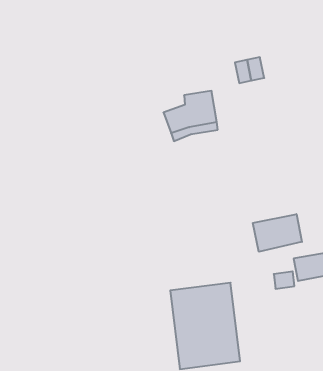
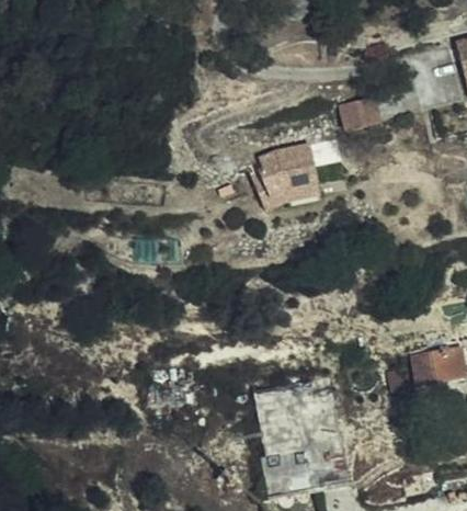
building: [253,214,302,252] -> none

